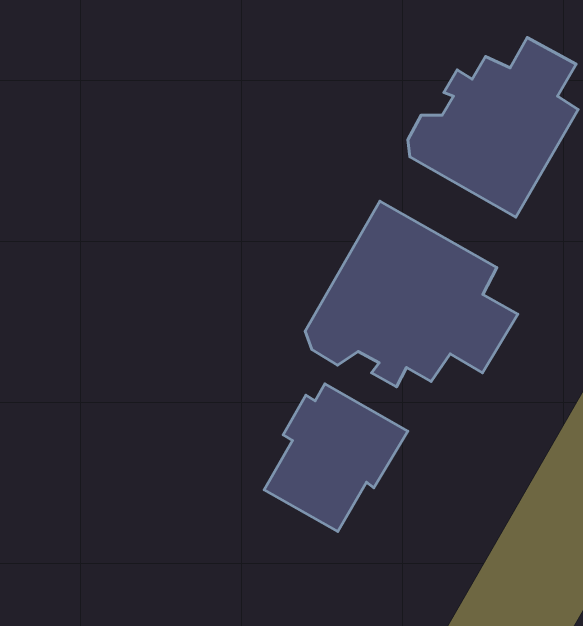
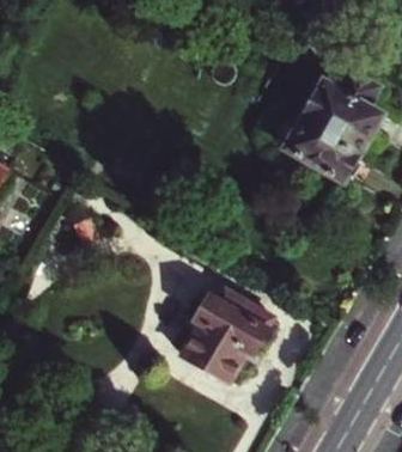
building: [305,201,518,387] -> none

